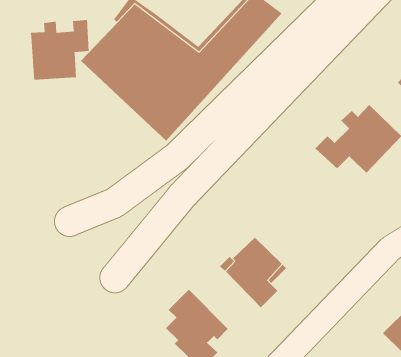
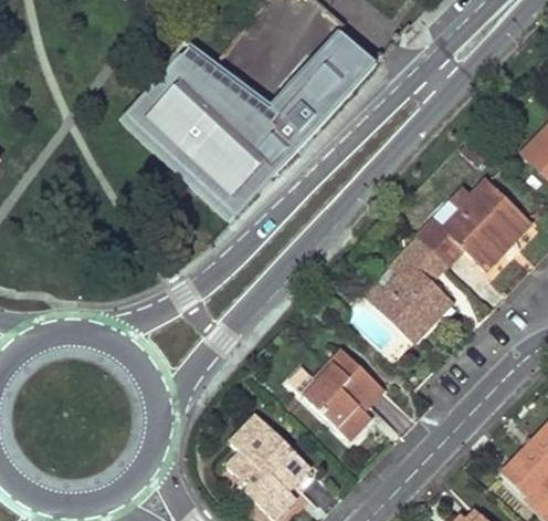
building: [30,19,89,81] -> none
building: none -> [373,236,453,340]

